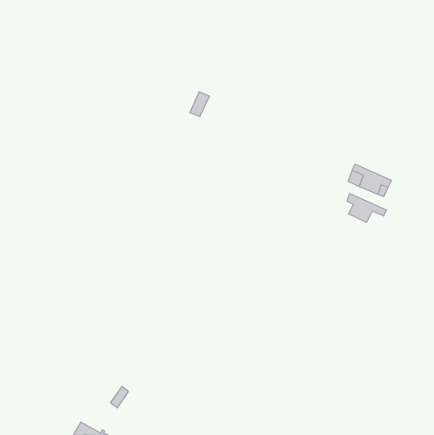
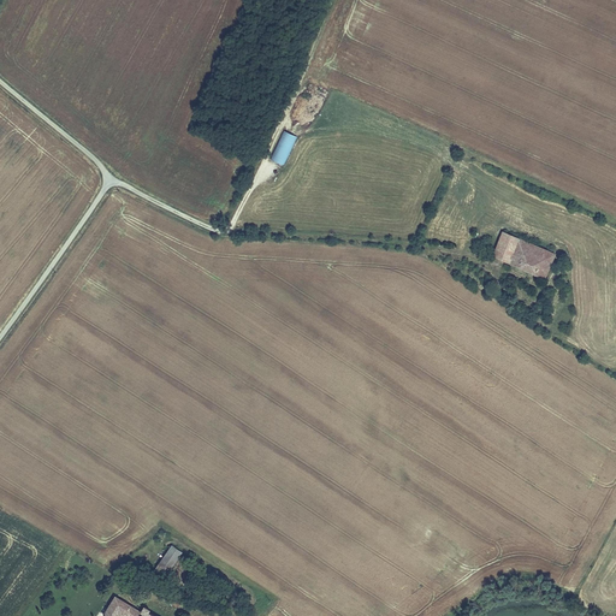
building: [347,194,386,222] -> none

